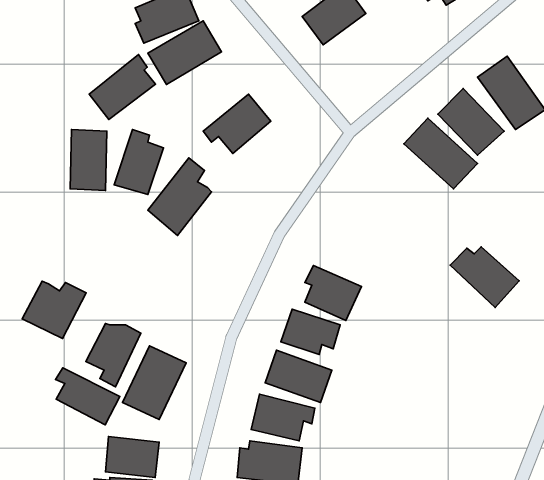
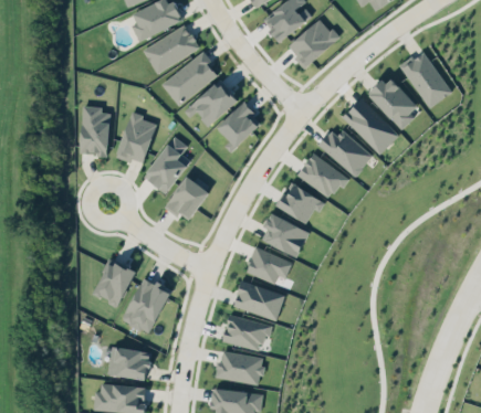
building: none -> [287,15,343,68]
building: [89,54,156,120] -> [164,50,216,100]
building: none -> [219,98,259,140]
building: none -> [295,150,348,197]
building: none -> [167,174,211,222]
building: none -> [275,180,326,223]
building: [450,247,519,308] -> [320,130,374,178]
building: [22,281,86,338] -> none
building: [56,368,120,425] -> none

